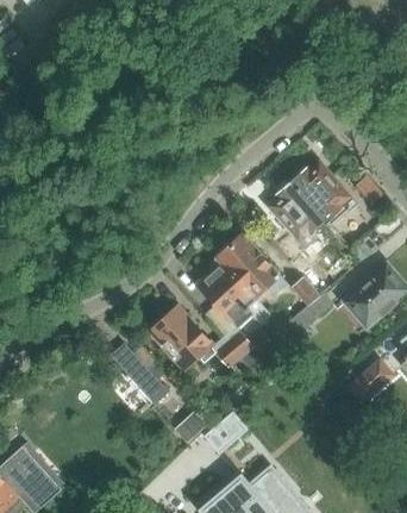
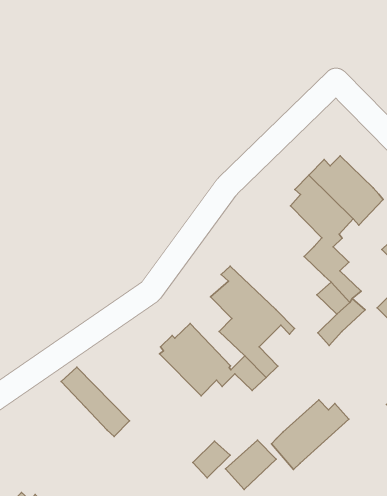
building: [215,234,286,298] -> none
building: [111,343,169,406] -> [61,367,130,437]
building: none -> [271,400,349,470]

